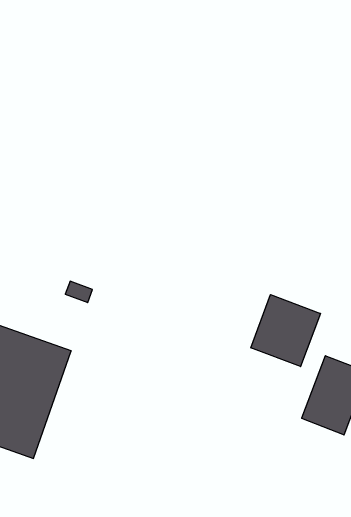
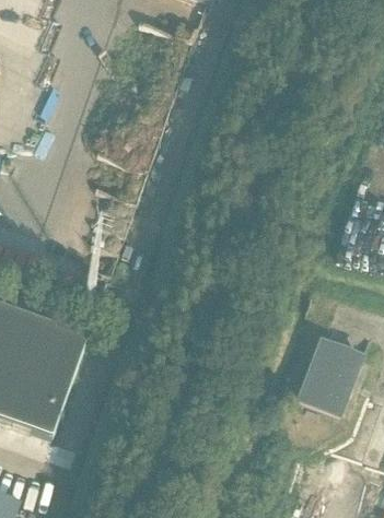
building: [251,295,320,367] -> none

